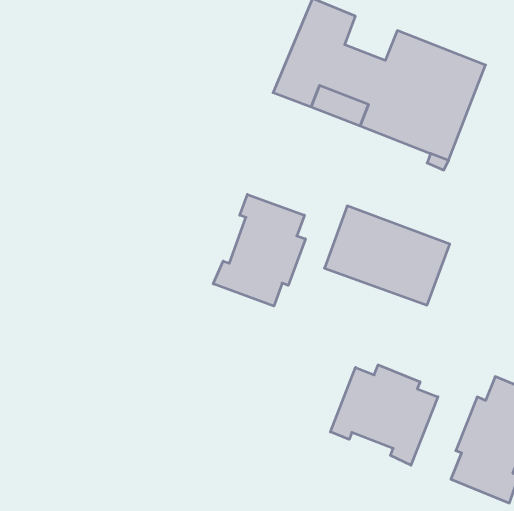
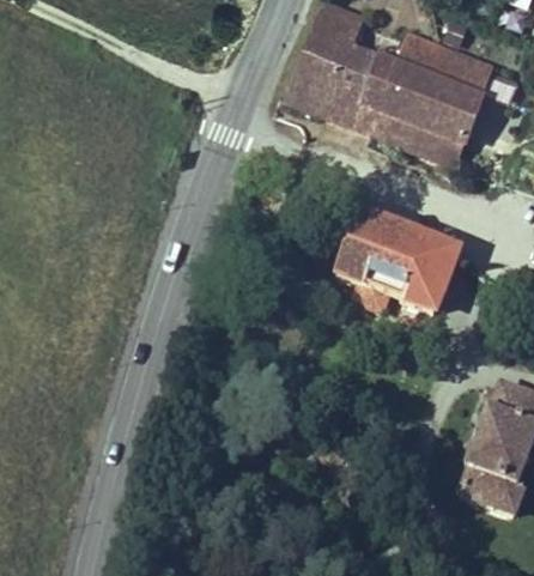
building: [213,194,305,306] -> none
building: [330,365,438,465] -> none

